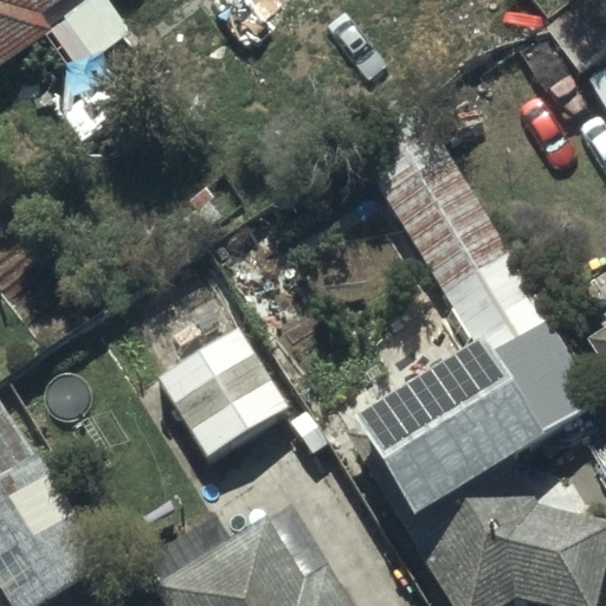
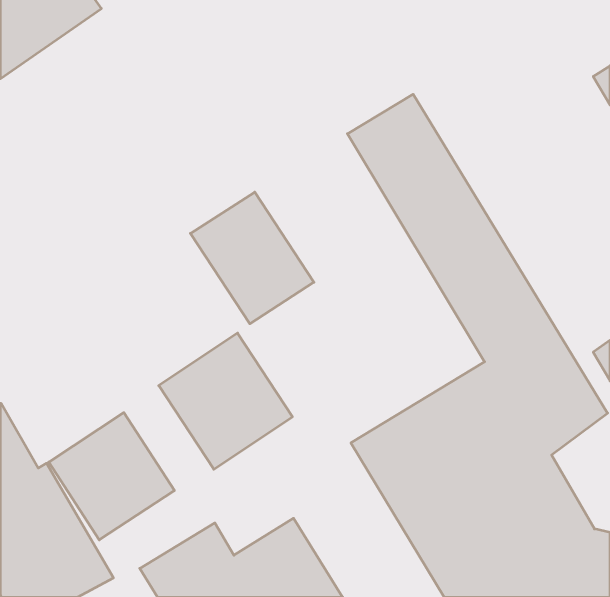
building: none -> [190,192,314,324]
building: none -> [49,413,174,540]

